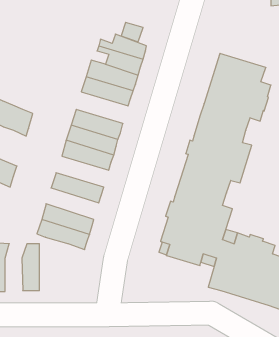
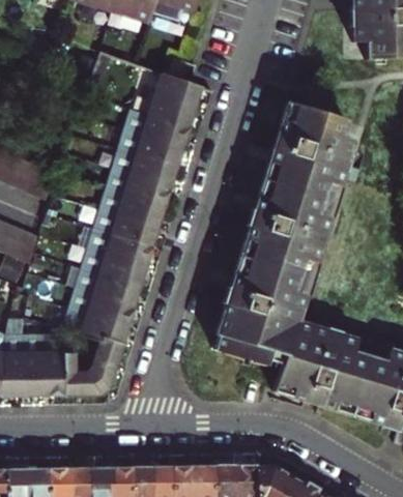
building: none -> [113,148,177,187]
building: none -> [88,228,153,266]
building: none -> [76,267,141,306]
building: none -> [25,337,52,396]
building: none -> [67,337,123,394]

